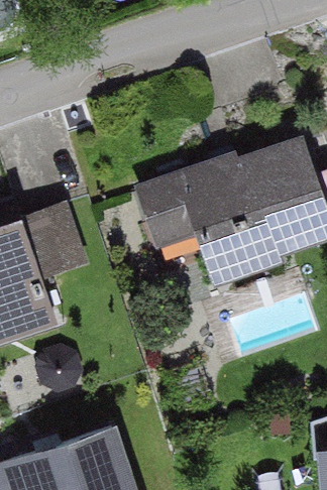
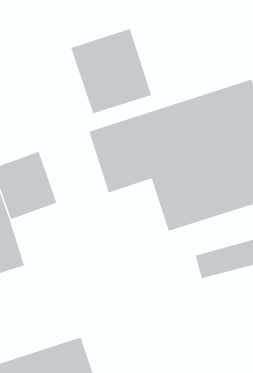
building: none -> [70,28,152,114]

